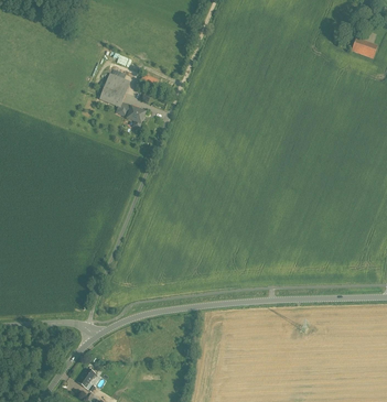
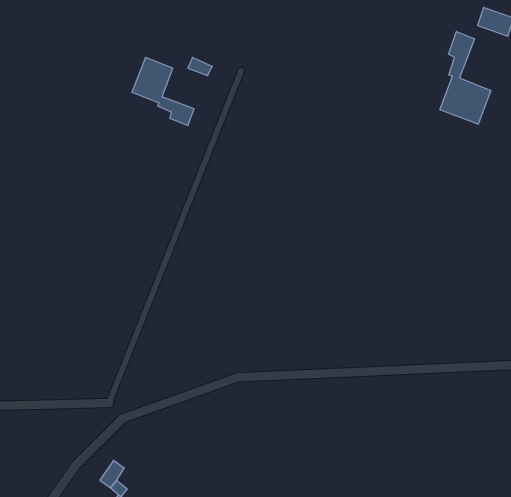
building: none -> [440,31,491,124]

